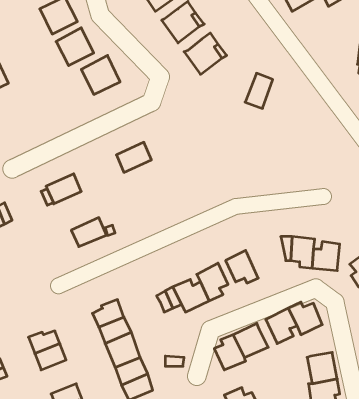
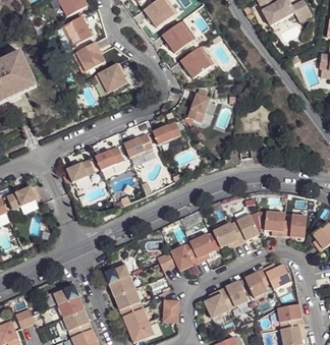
building: [245,73,273,108] -> [187,94,210,122]
building: none -> [153,121,181,145]
building: [71,218,106,247] -> [95,147,123,170]
building: none -> [230,214,260,243]
building: none -> [63,309,92,337]

